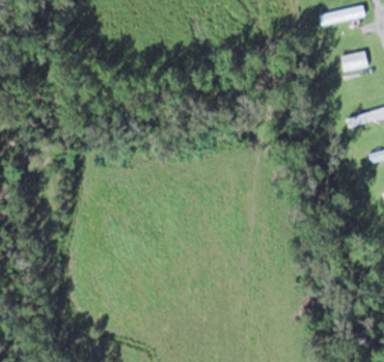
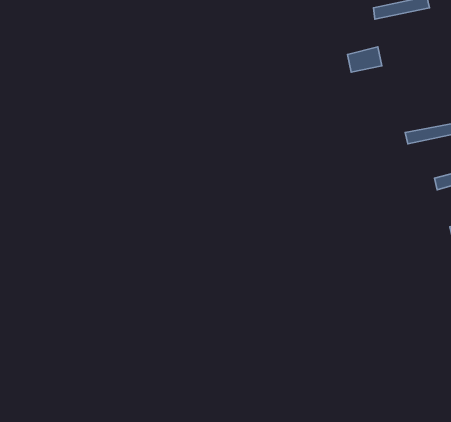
building: [340,51,368,72] -> [347,47,382,72]

